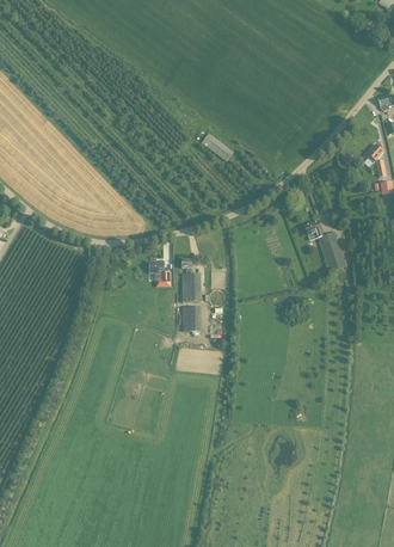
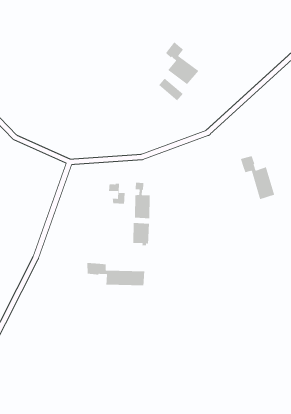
building: none -> [165,41,199,85]
building: none -> [87,262,145,286]

